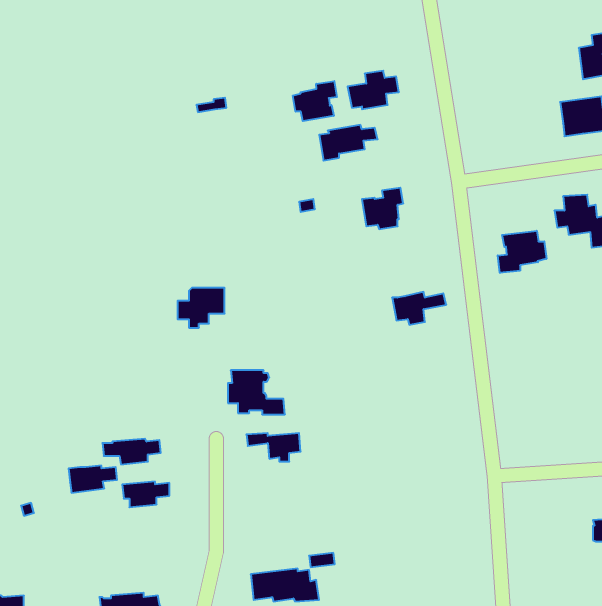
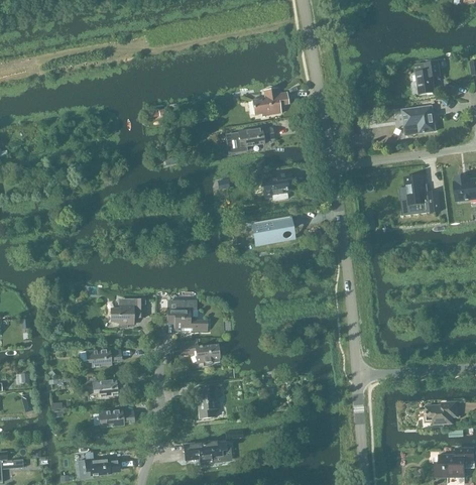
building: [293,81,337,121] -> none
building: [498,231,546,273] -> none
building: [178,288,225,328] -> [112,298,145,327]
building: [392,292,446,325] -> [254,219,292,242]
building: [69,466,117,493] -> [100,408,134,428]
building: none -> [195,384,220,418]

